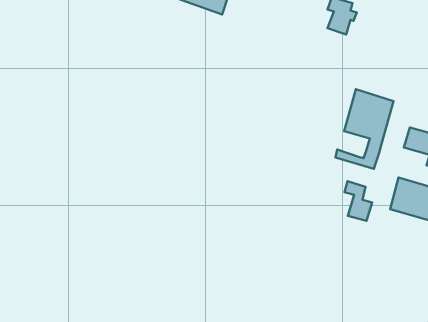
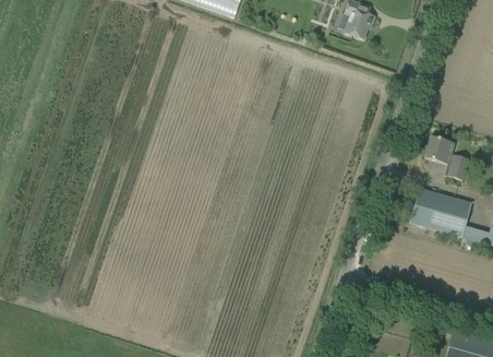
building: [336,89,394,169] -> none
building: [345,181,372,221] -> none

